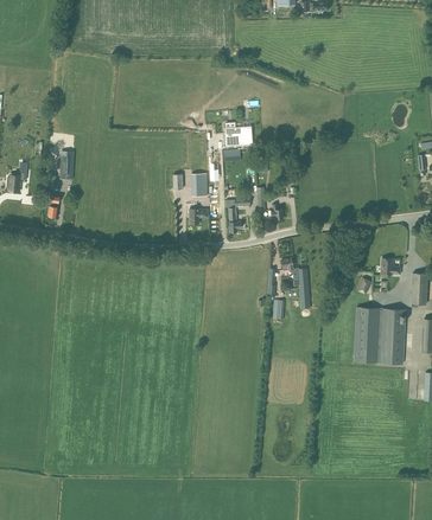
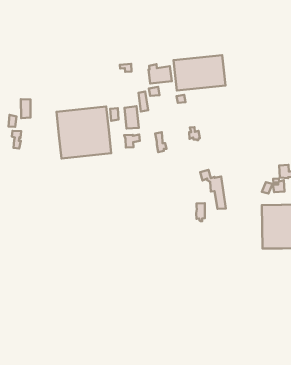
building: none -> [174,55,226,91]
building: none -> [56,107,111,159]

